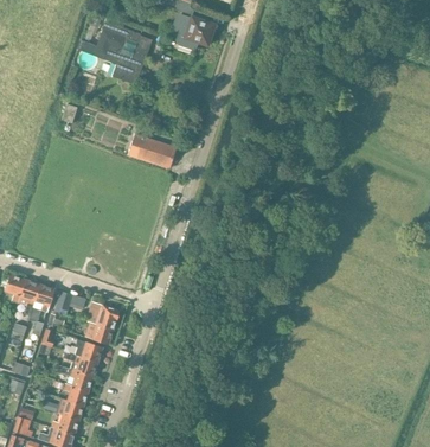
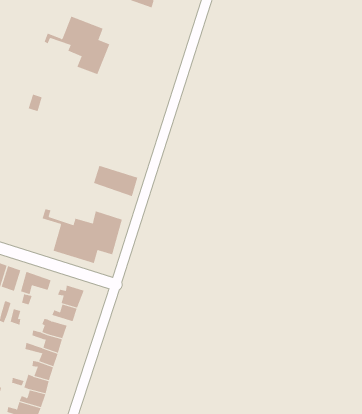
building: [177,15,213,51] -> none
building: [128,135,175,168] -> [93,165,138,197]
building: none -> [42,209,123,264]

